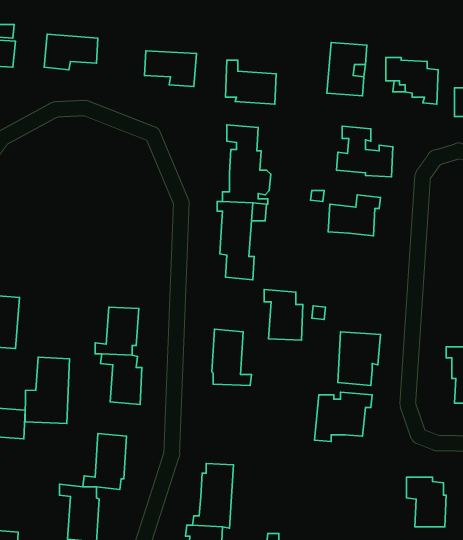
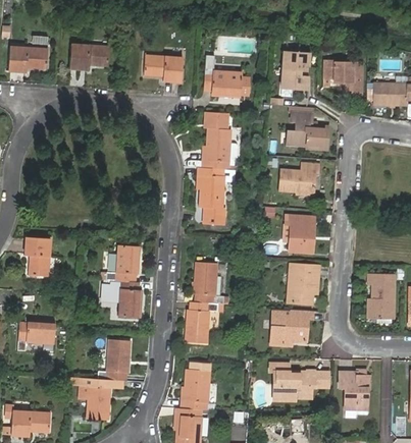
building: [264,289,303,340] -> [286,215,314,253]
building: [25,357,69,423] -> none
building: none -> [185,302,222,344]
building: none -> [273,364,328,401]

